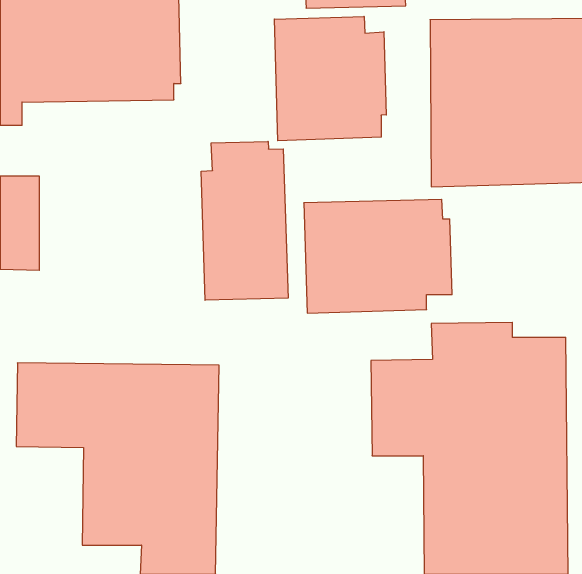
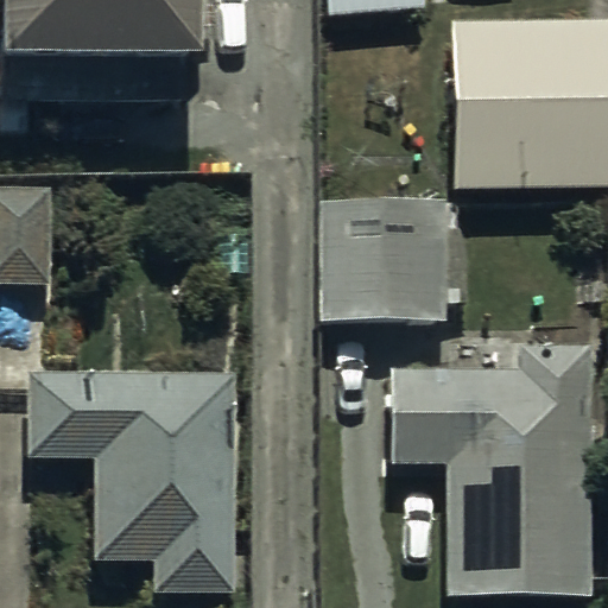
building: [274,16,386,141] -> none
building: [201,141,288,300] -> none

